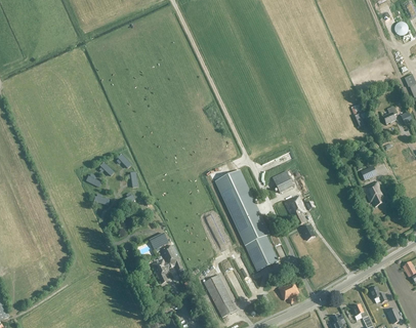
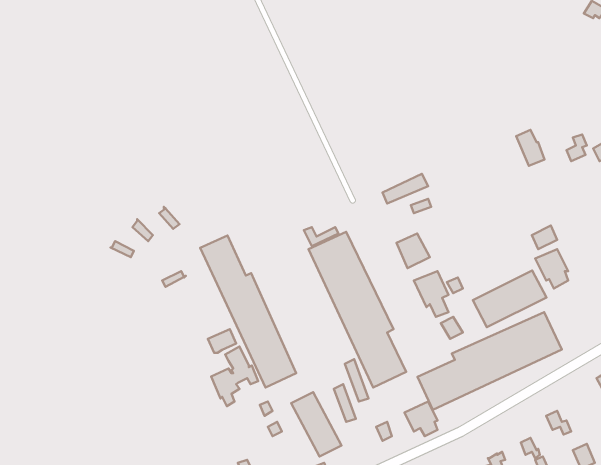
building: none -> [200,235,296,388]
building: none -> [473,270,546,327]
building: none -> [418,312,562,410]

